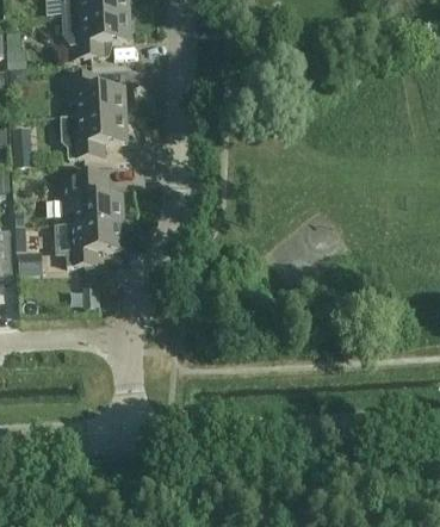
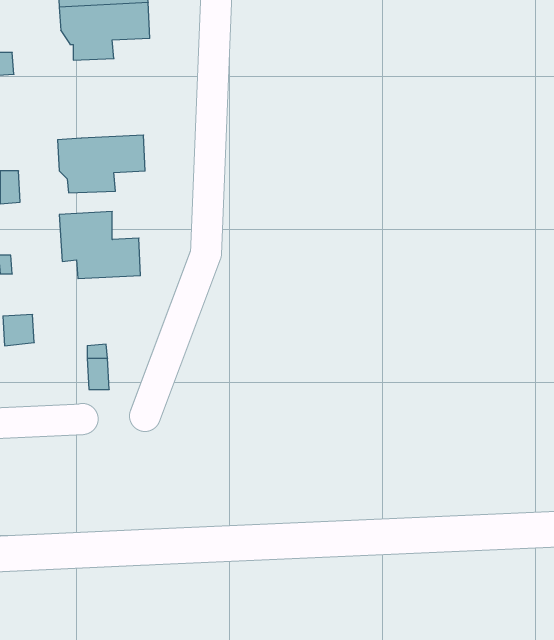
building: [63,73,125,117] -> none
building: [47,222,124,267] -> none

